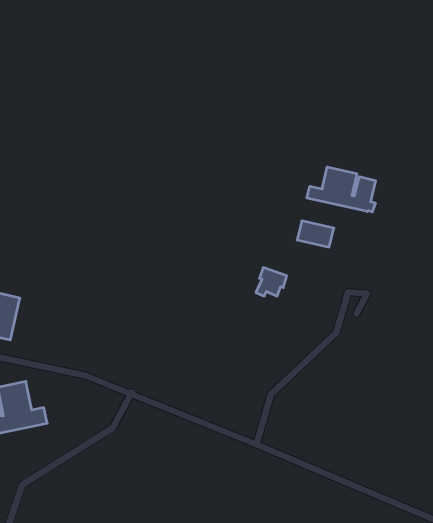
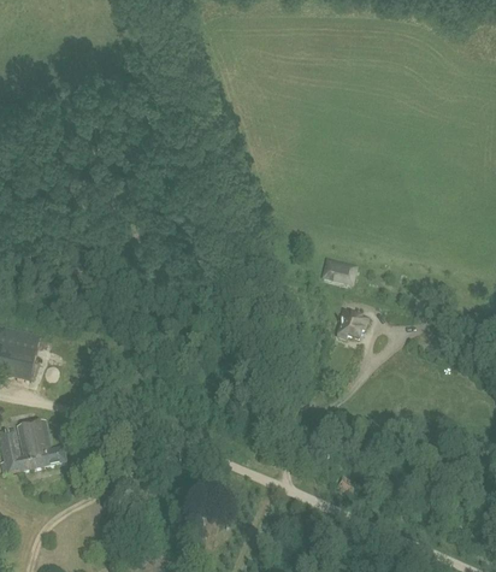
building: [307,167,376,212] -> none
building: [256,268,287,296] -> [337,308,368,337]

